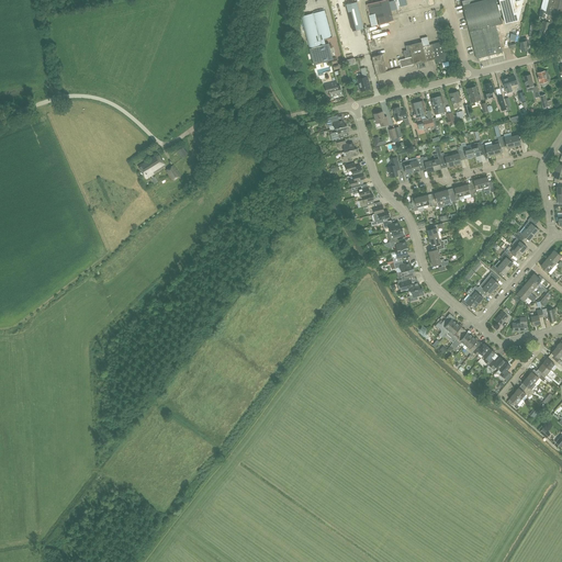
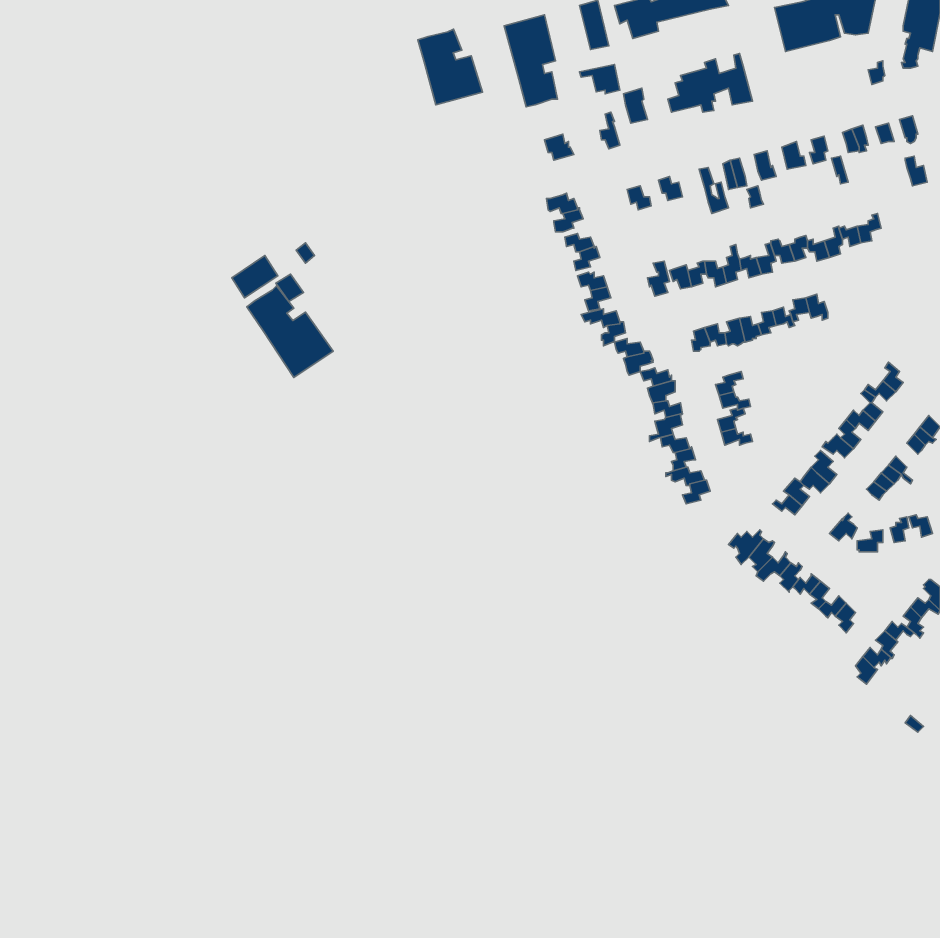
building: none -> [418,29,483,105]
building: [469,24,502,58] -> none
building: none -> [247,286,333,377]

